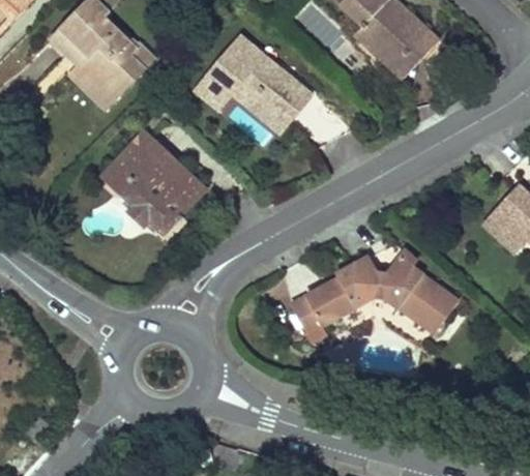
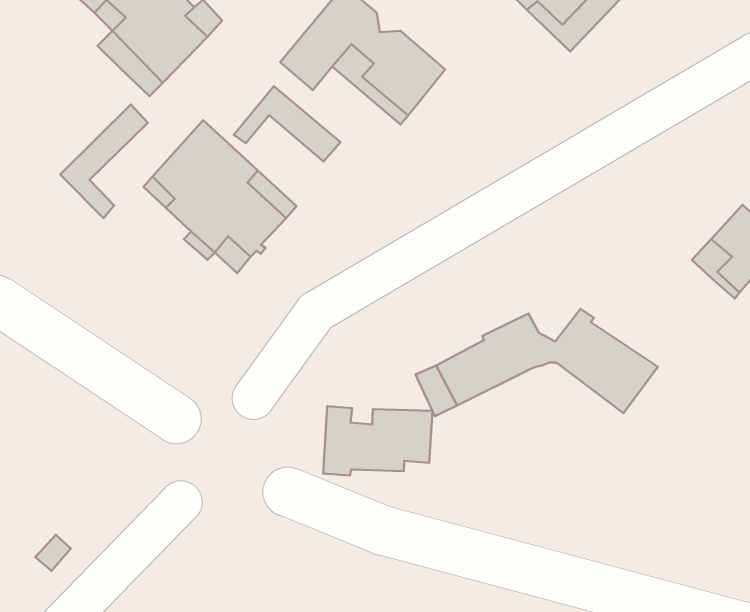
building: none -> [234,86,340,161]
building: none -> [60,105,148,218]
building: none -> [323,406,432,475]

